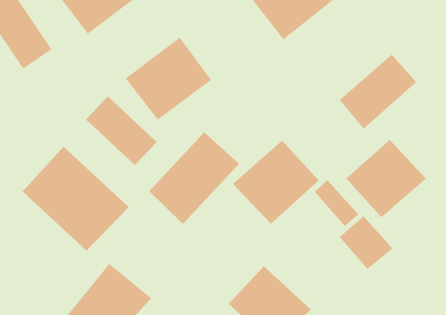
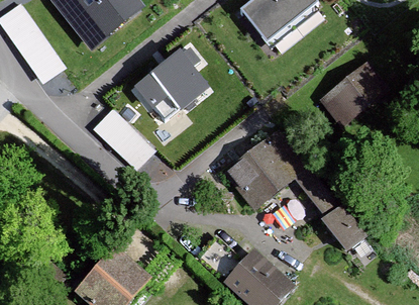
building: [149,131,240,225] -> none
building: [346,139,427,218] -> none
building: [22,146,129,251] -> none

